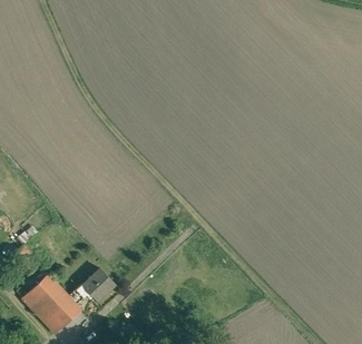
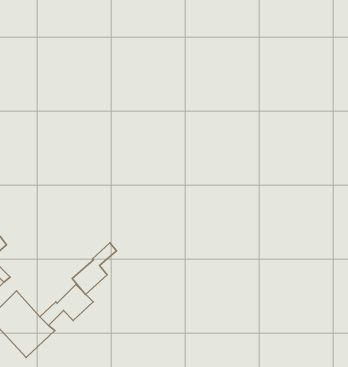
building: none -> [72,243,117,294]

